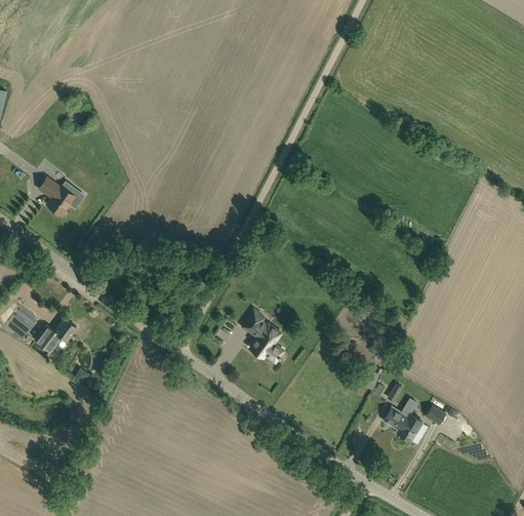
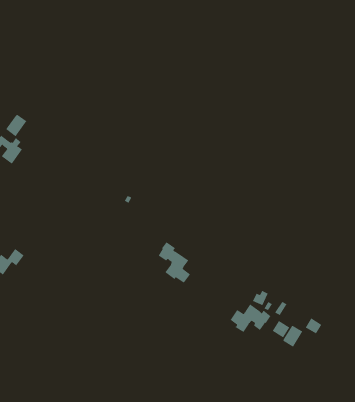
building: none -> [5,114,27,137]
building: none -> [230,304,271,333]

